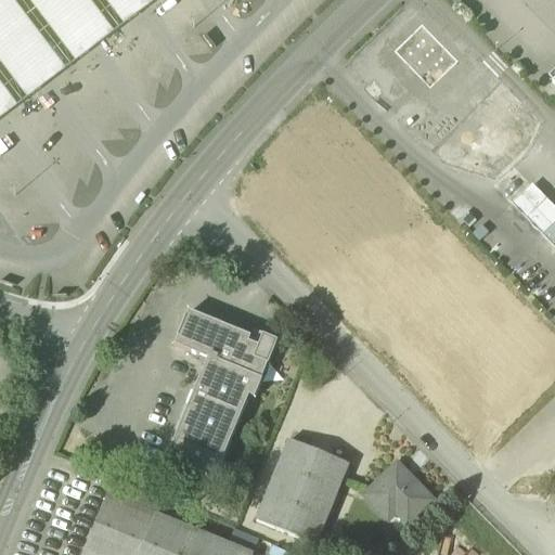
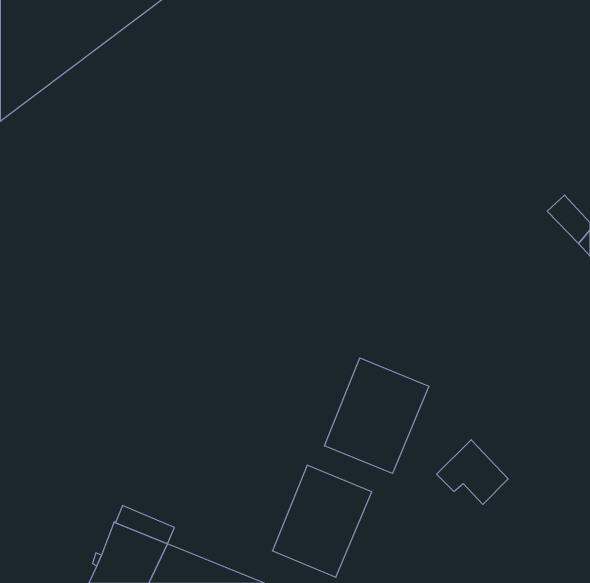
building: [168,307,279,473] -> none
building: none -> [324,358,429,473]
building: [364,461,431,521] -> [437,440,508,504]

